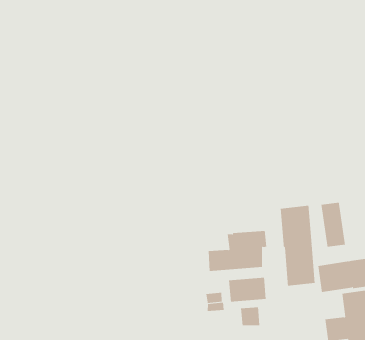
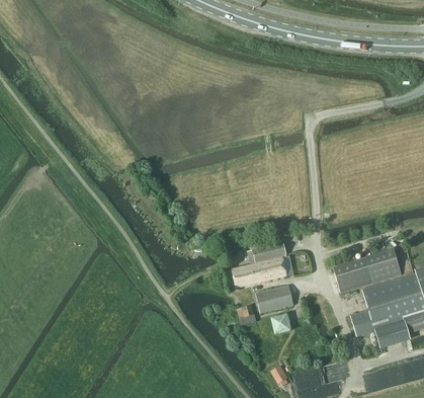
building: [321,202,346,248] -> none
building: [280,205,315,287] -> none

